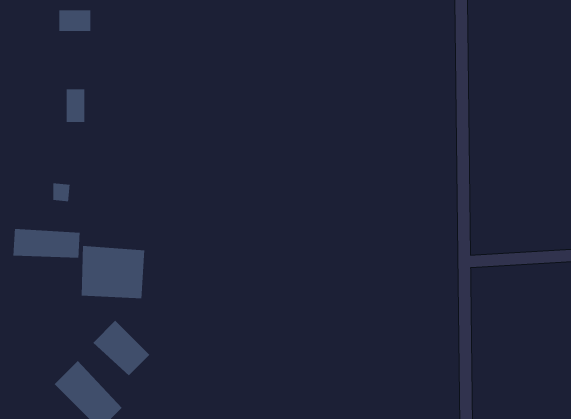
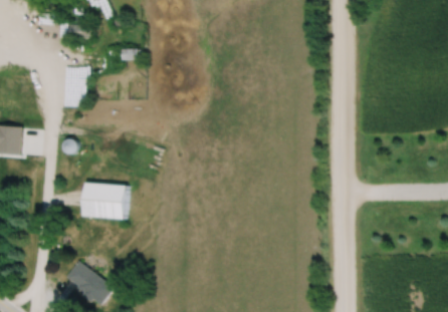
building: [13,228,81,258] -> none
building: [92,320,150,376] -> none

